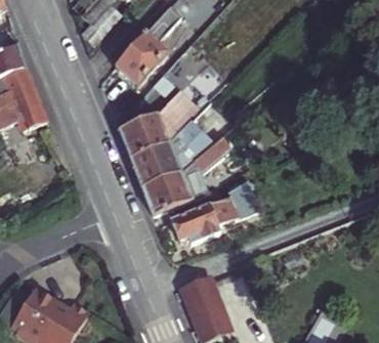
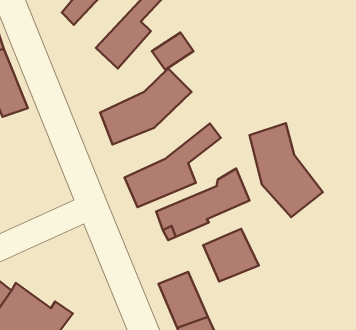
building: [131,101,217,186] -> none
building: none -> [249,123,323,217]
building: none -> [203,229,259,282]

